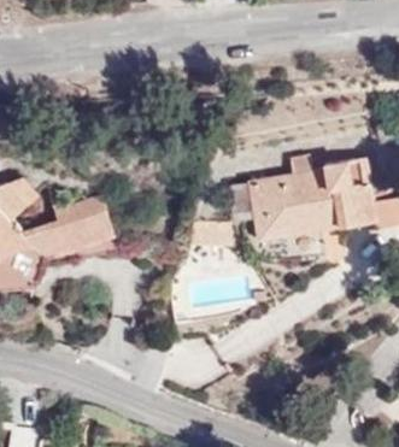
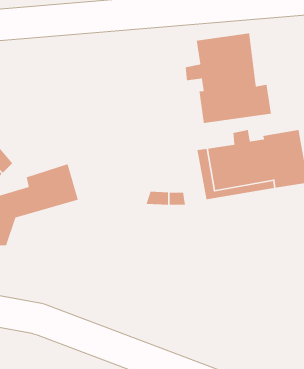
building: none -> [185,33,272,124]

